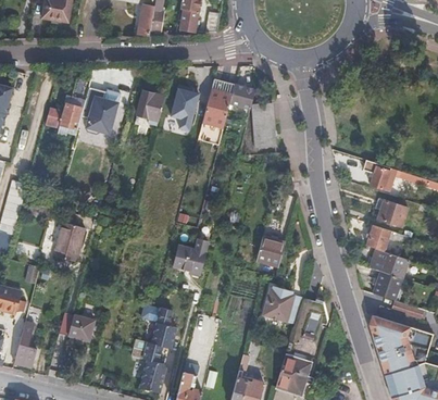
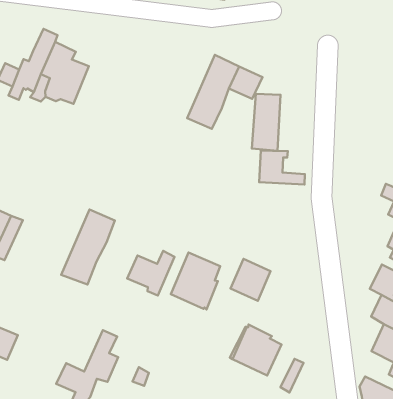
building: [172,87,200,129] -> none
building: [136,92,165,123] -> none
building: none -> [259,150,305,184]
building: none -> [61,209,115,285]
building: none -> [171,252,220,309]

